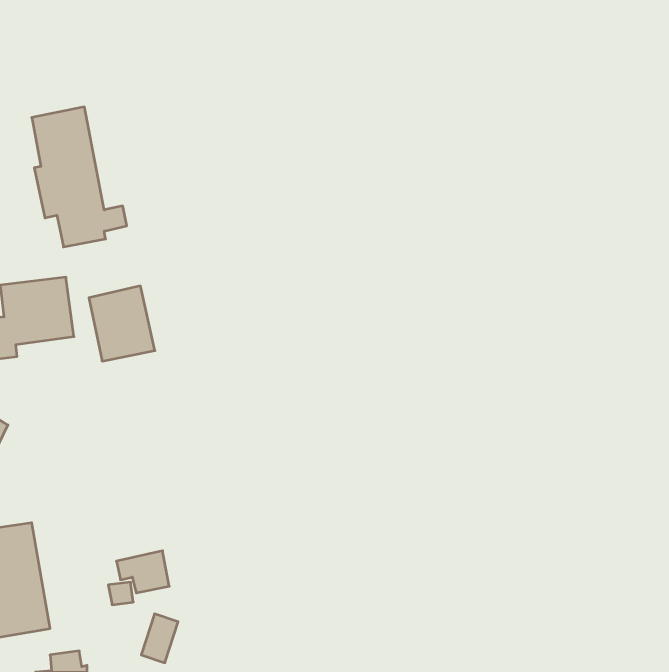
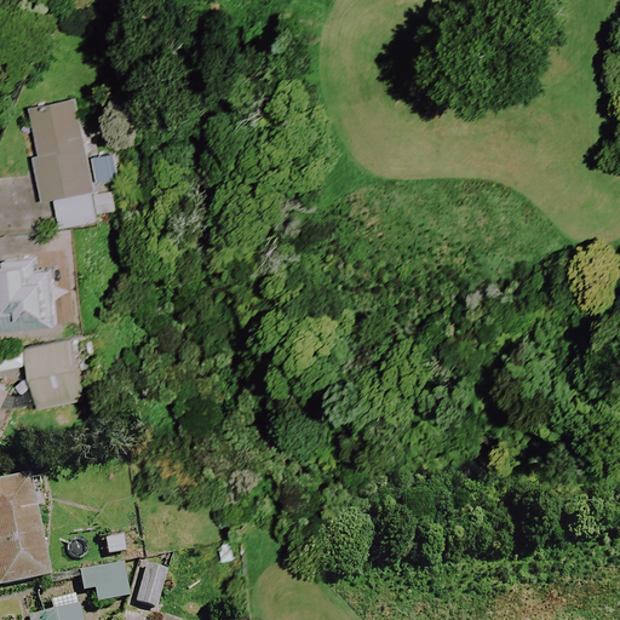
building: [89,286,155,361] -> [24,337,85,406]
building: [116,551,169,593] -> [75,564,124,603]

